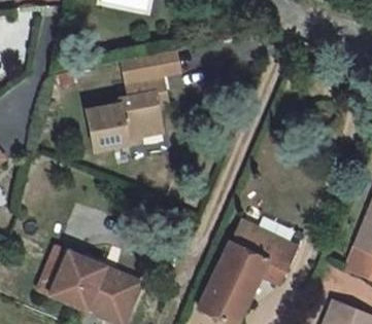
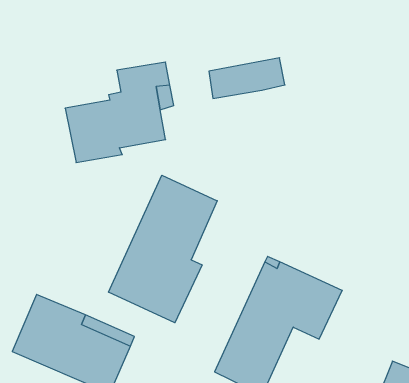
building: [122,48,179,79] -> [209,58,285,98]
building: none -> [109,175,217,323]

